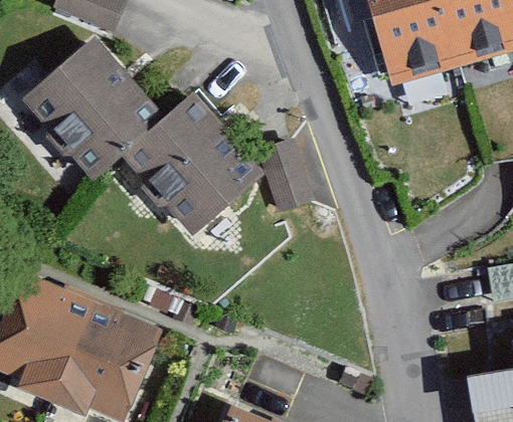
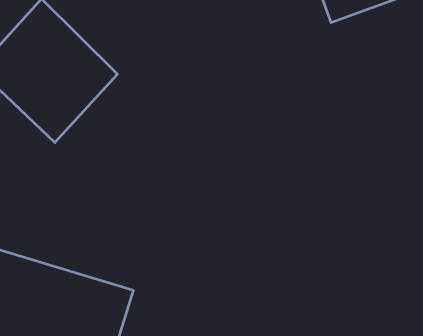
building: [124,82,274,233] -> none

